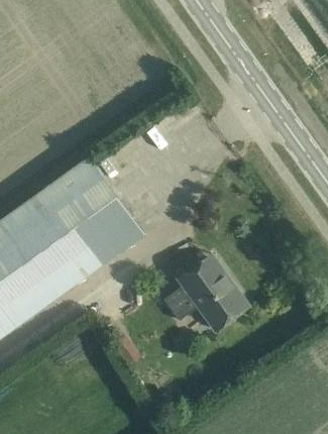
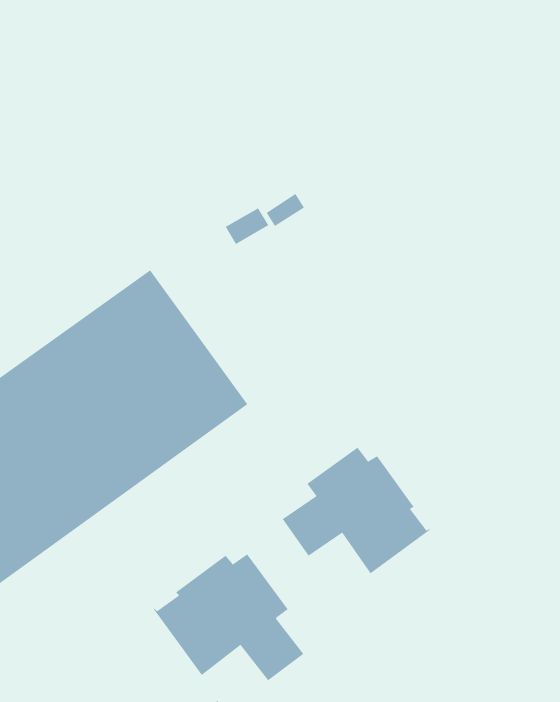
building: none -> [153,553,304,681]

